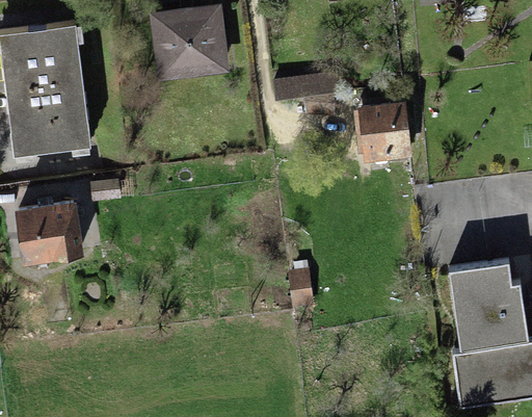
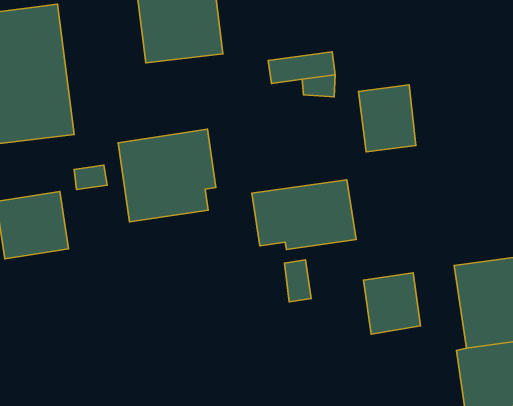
building: none -> [118,129,216,222]
building: none -> [252,180,356,250]
building: none -> [363,273,421,334]

